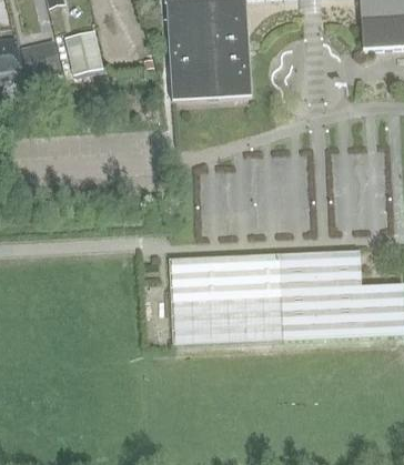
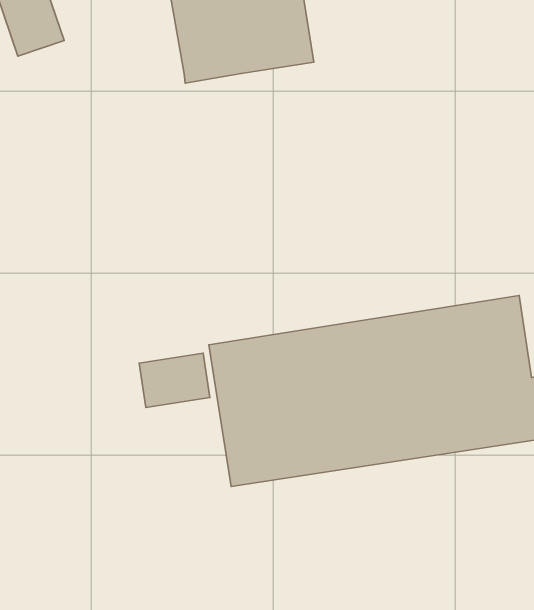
building: none -> [139,353,210,407]

